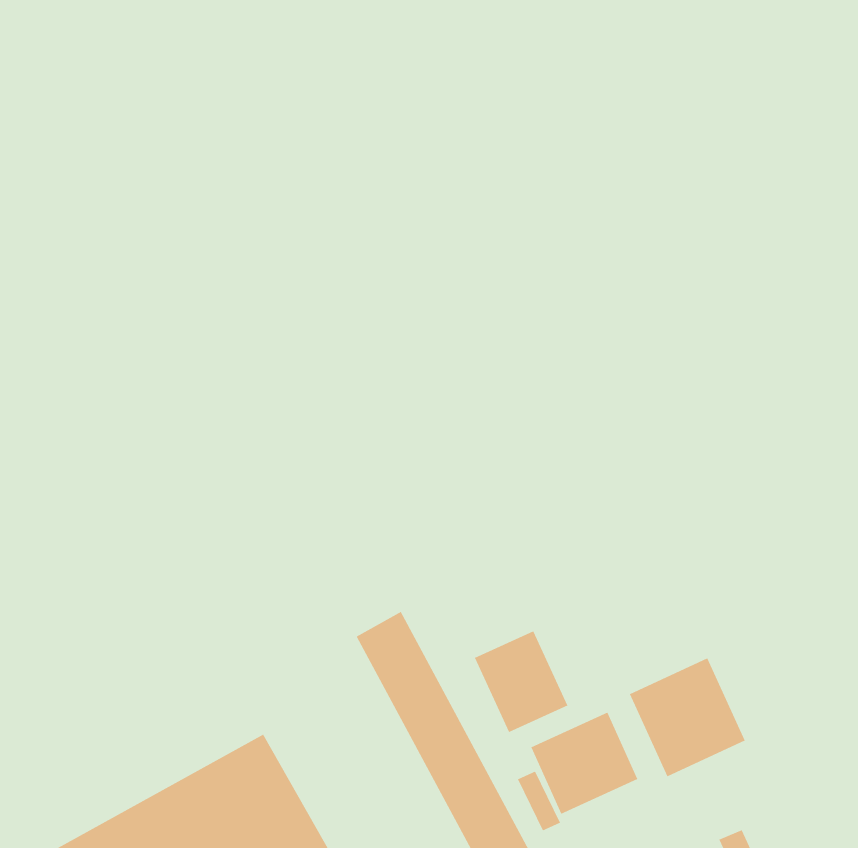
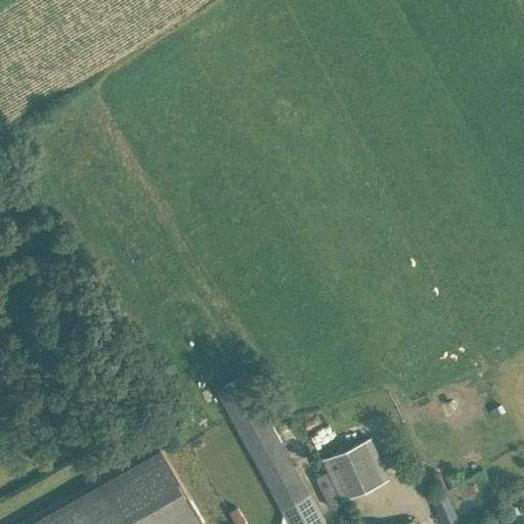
building: [474,631,568,733] -> none
building: [629,658,746,777] -> none

